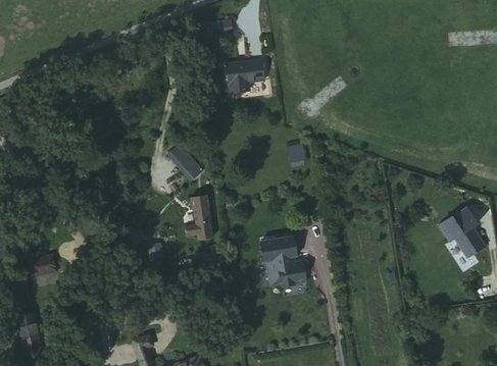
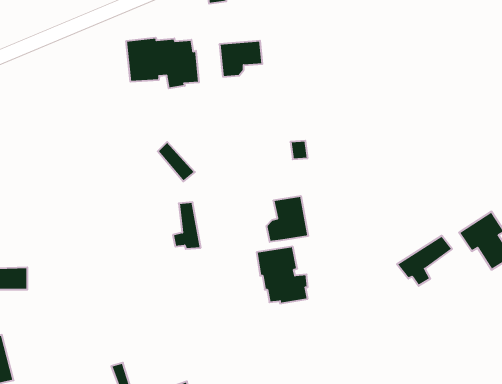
building: none -> [126,38,199,88]
building: none -> [267,196,308,242]
building: none -> [397,236,452,286]

